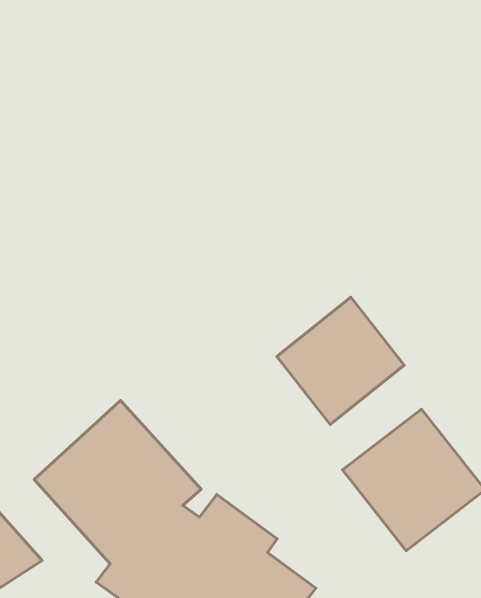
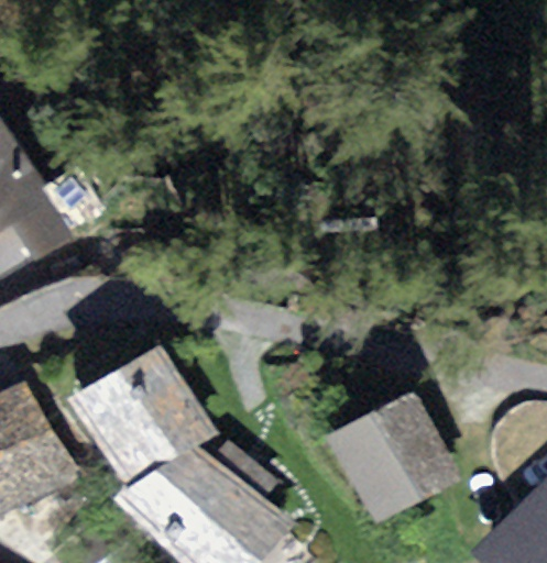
building: [277,297,404,424] -> none

